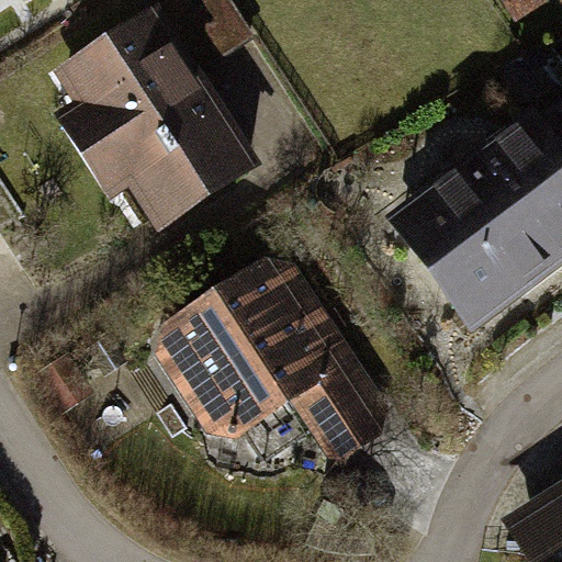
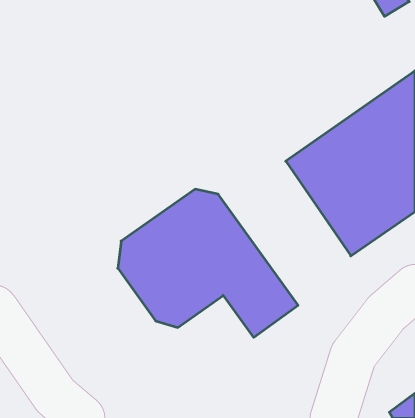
building: [52,13,258,231] -> none

